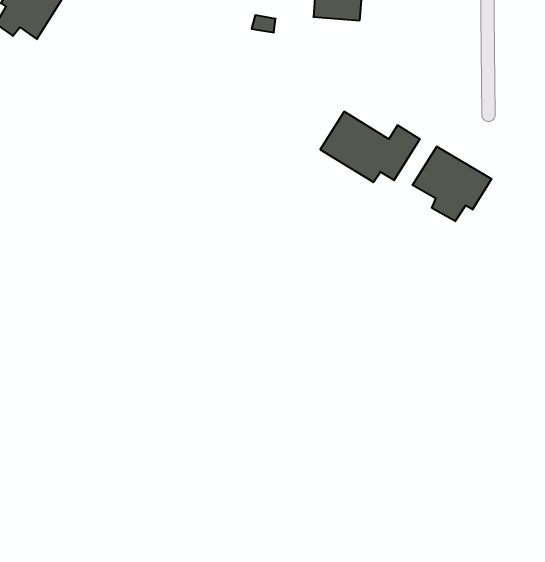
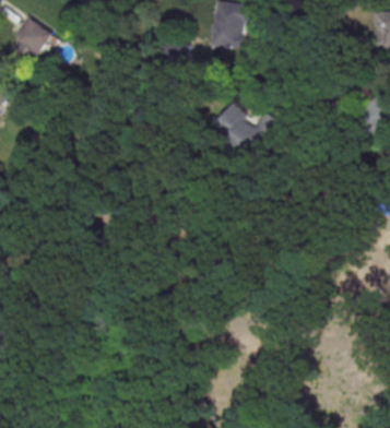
building: [413,146,491,221] -> none

